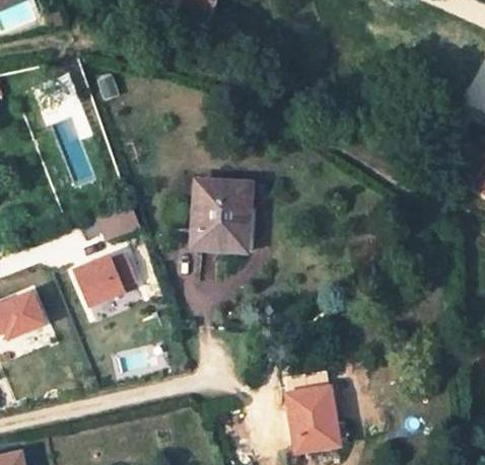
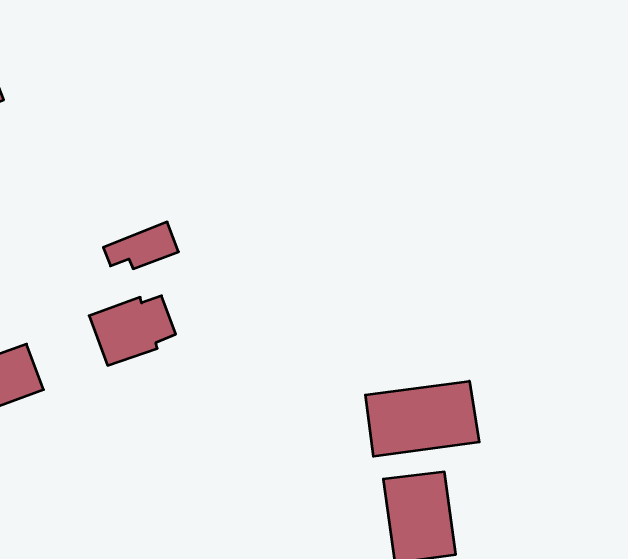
building: [202,180,256,250] -> none
building: none -> [365,381,479,456]

